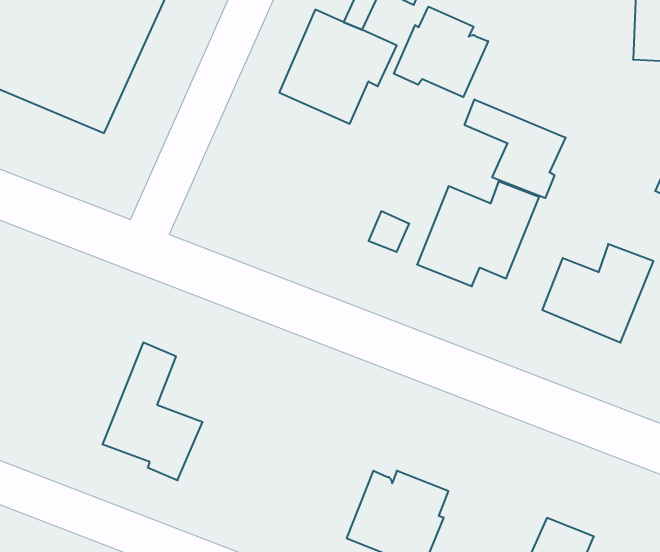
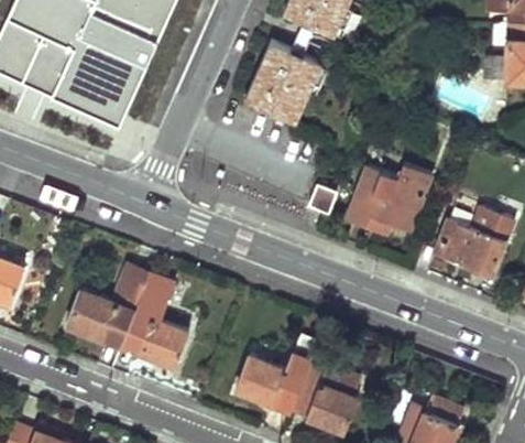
building: [394,7,488,97] -> none
building: [465,99,566,198] -> none
building: none -> [64,268,149,348]
building: none -> [234,335,320,413]

